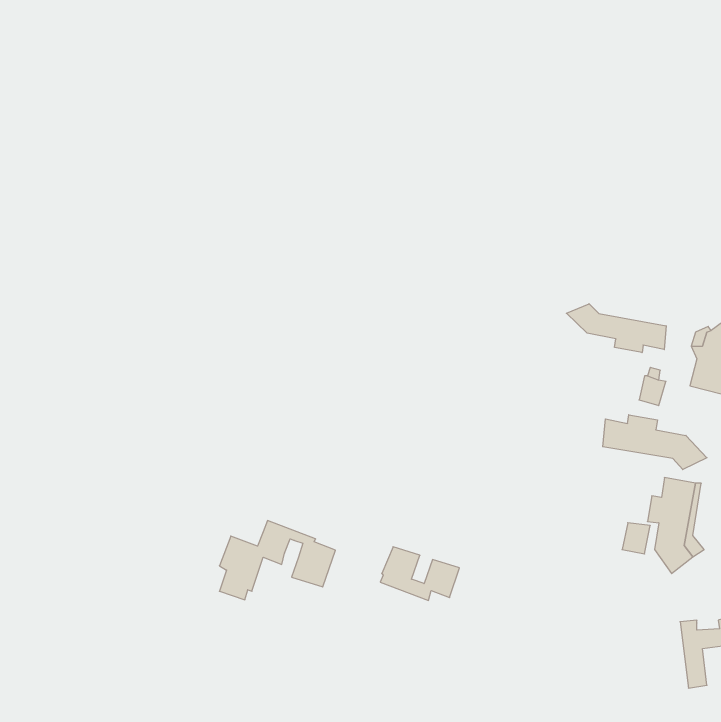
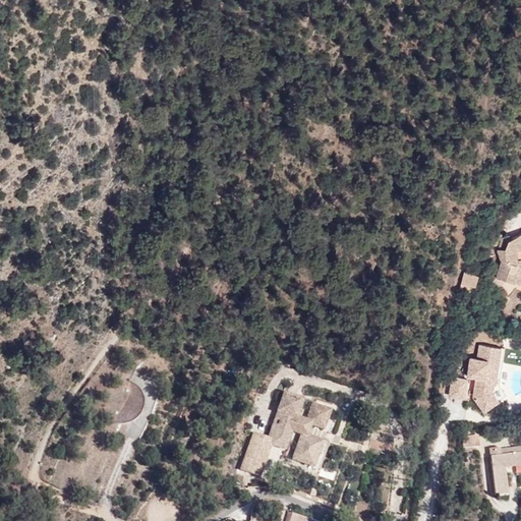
building: [566,304,666,353] -> none
building: [603,415,707,470] -> none
building: [219,521,335,600] -> [240,419,324,476]

